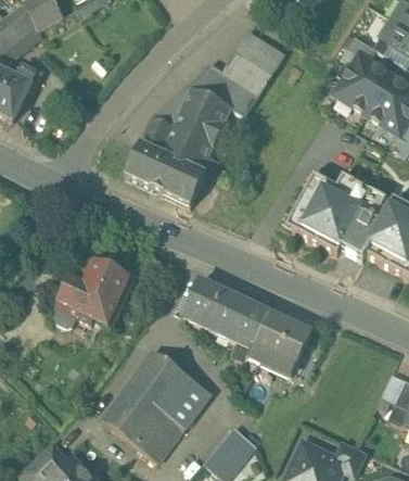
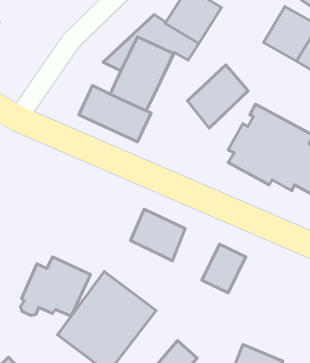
building: [141,115,172,151] -> none
building: none -> [187,65,248,128]
building: [55,262,133,328] -> [20,257,91,316]
building: [230,301,282,358] -> none

